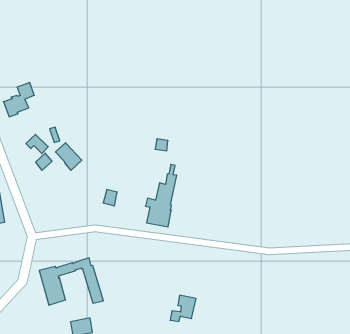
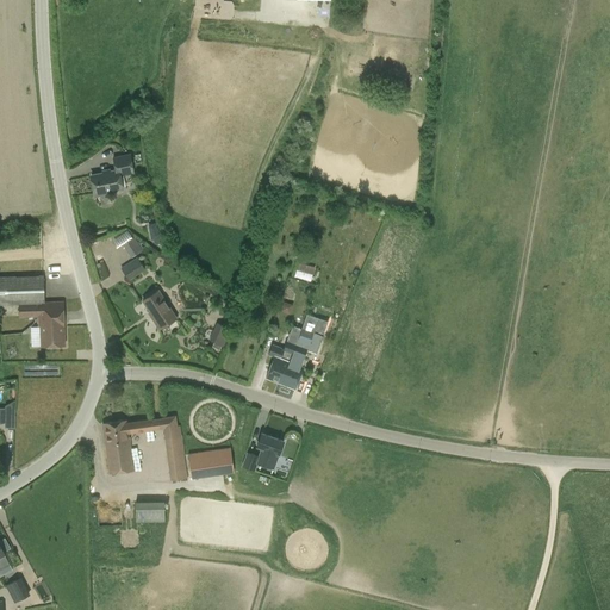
building: [55,143,82,170] -> [142,291,178,331]
building: none -> [188,450,230,479]
building: [170,295,196,321] -> [242,434,284,471]

